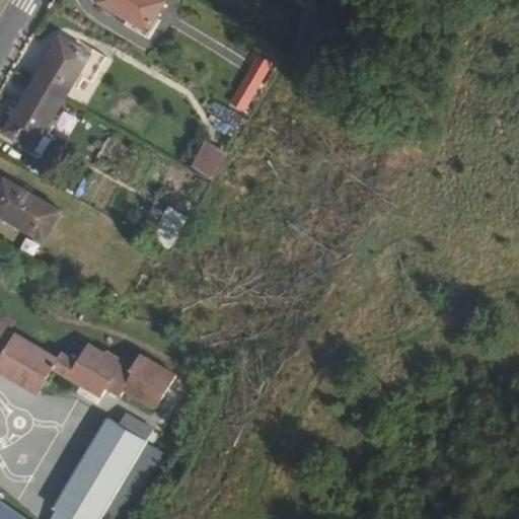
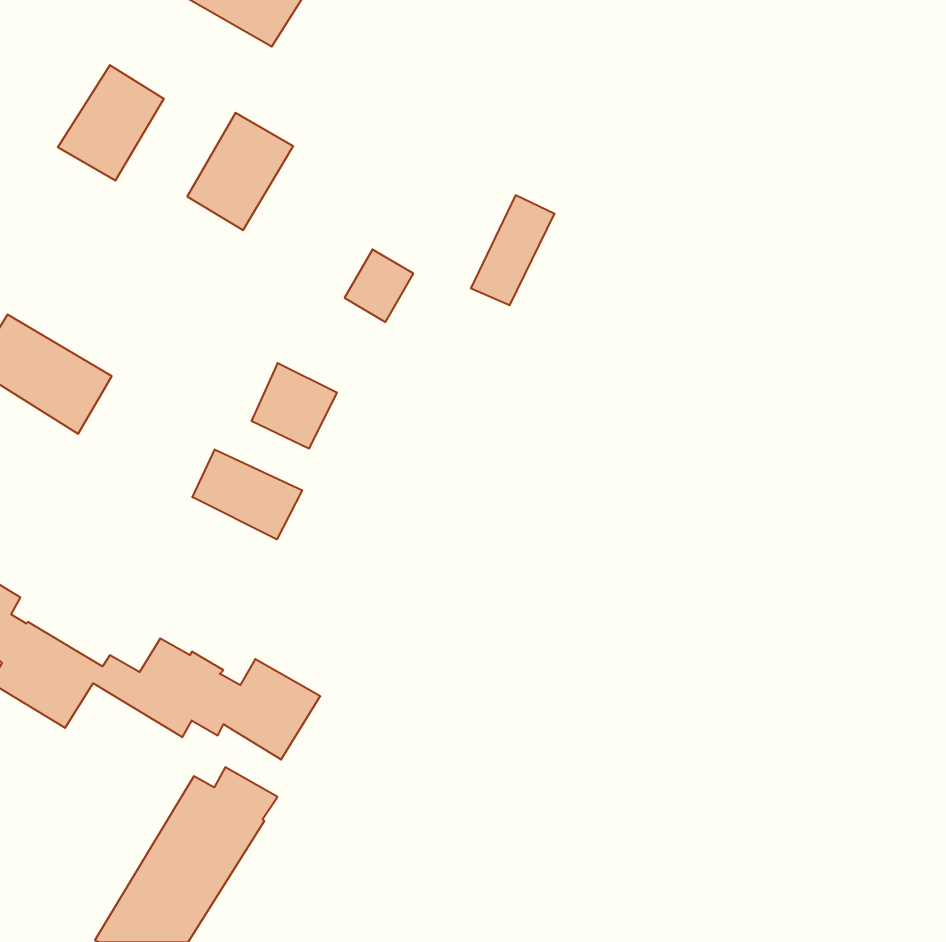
building: [226,49,272,108] -> [471,195,555,305]
building: [5,80,63,144] -> [187,113,293,230]
building: none -> [192,449,302,539]

